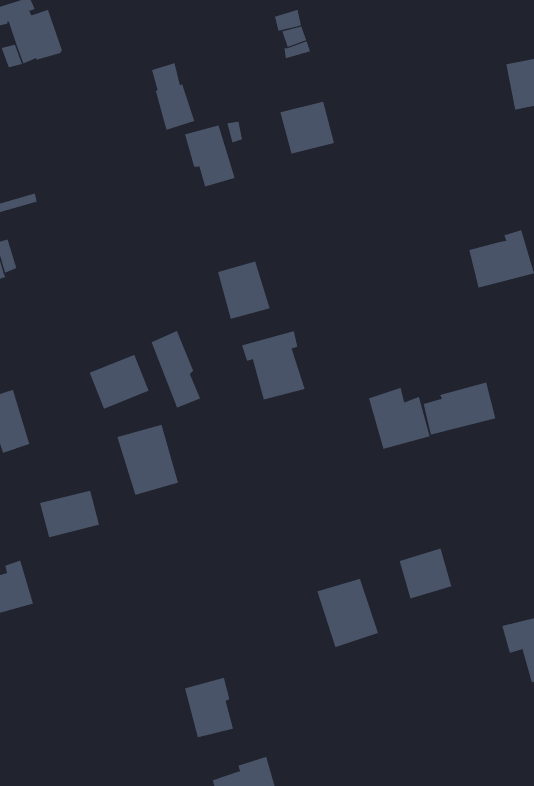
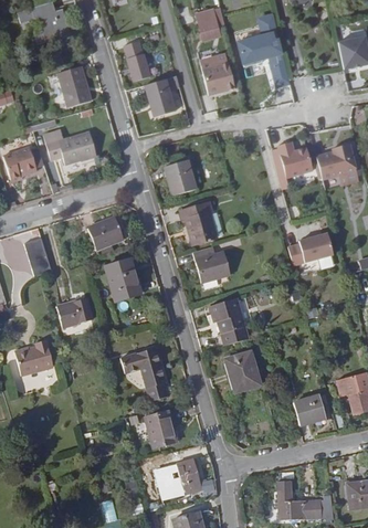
building: none -> [241,14,292,86]
building: none -> [57,65,92,108]
building: none -> [44,129,97,165]
building: none -> [278,141,314,178]
building: [151,330,201,409] -> none
building: [368,387,430,449] -> [193,245,231,283]
building: none -> [209,298,245,334]
building: [399,548,452,599] -> [294,394,326,425]
building: none -> [120,347,168,402]

